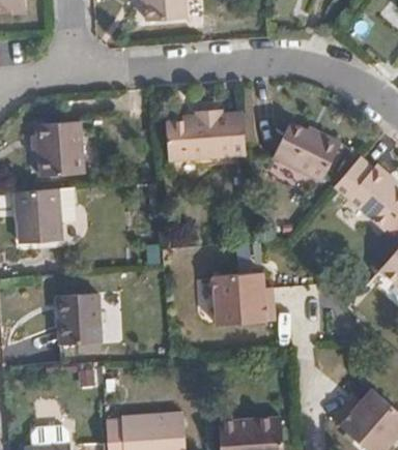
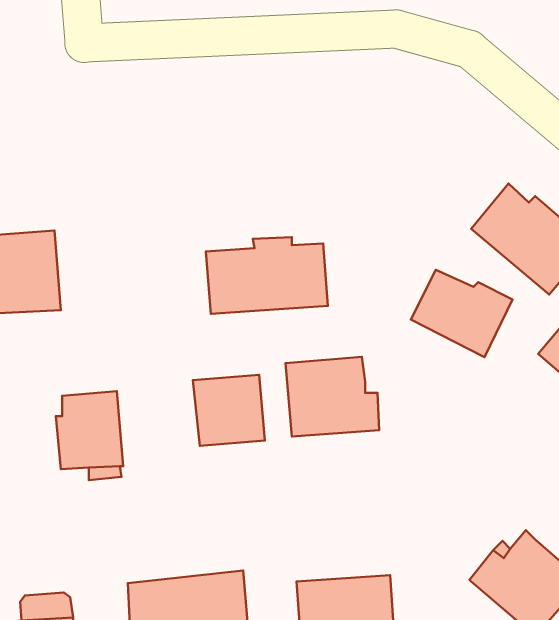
building: [165,109,246,159] -> [206,237,328,314]
building: [37,122,84,177] -> none
building: [273,124,340,182] -> [411,270,512,357]
building: none -> [193,375,265,446]

